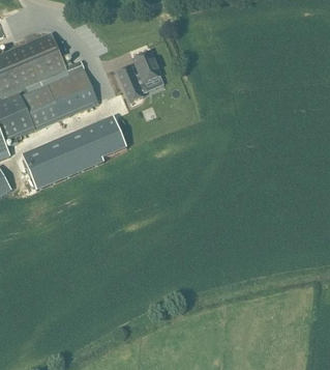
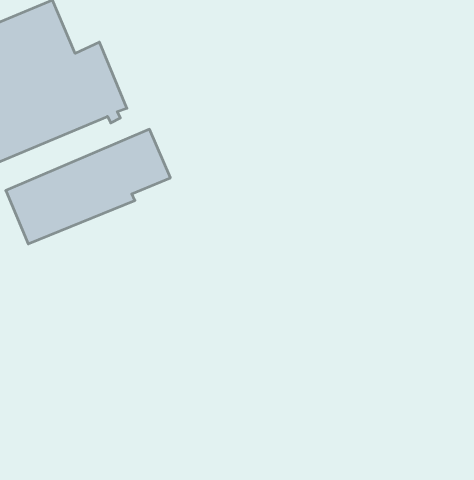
building: [117,52,162,102] -> none

